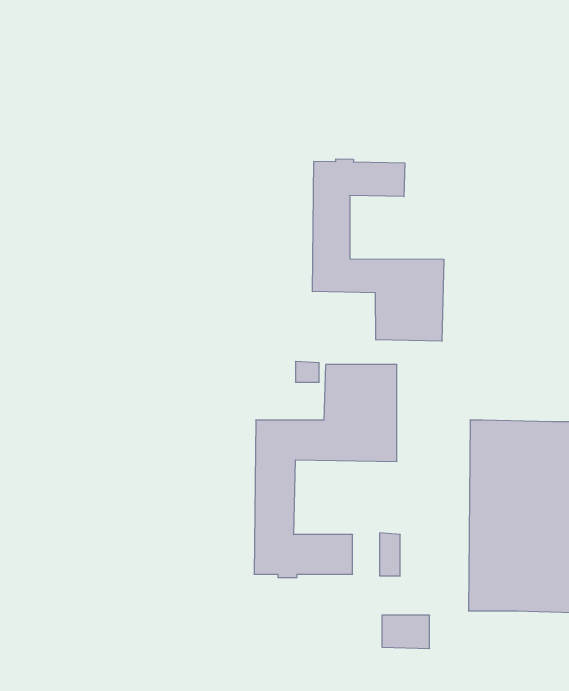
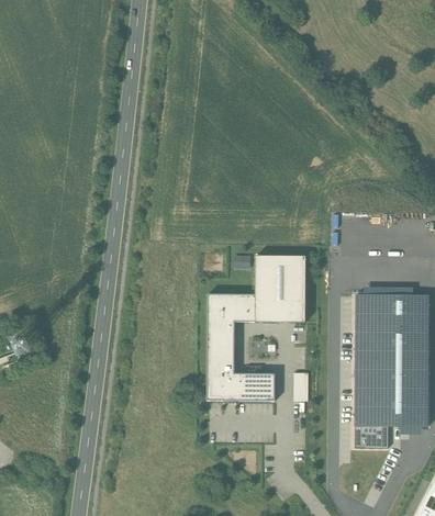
building: [312,159,444,341] -> none
building: [382,615,430,649] -> [355,426,388,449]

